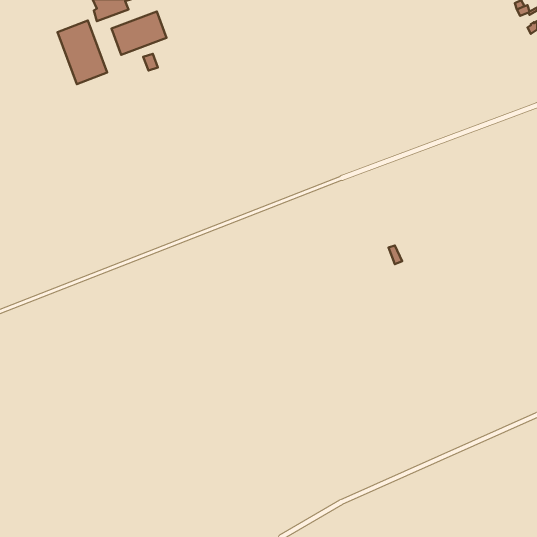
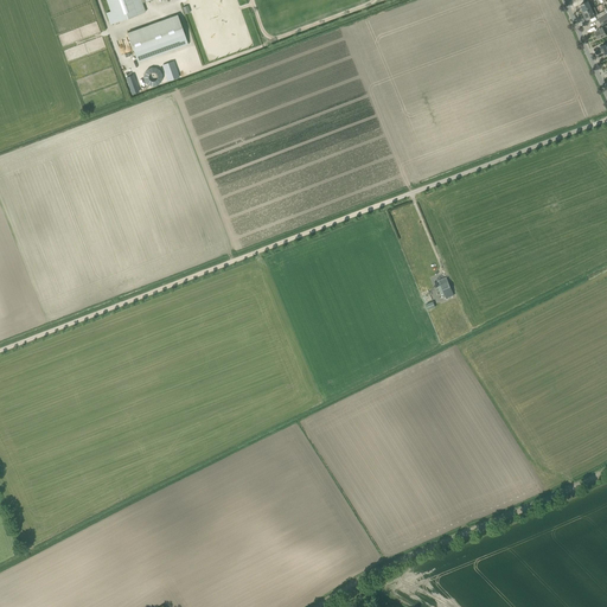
building: [58,21,107,84] -> none

